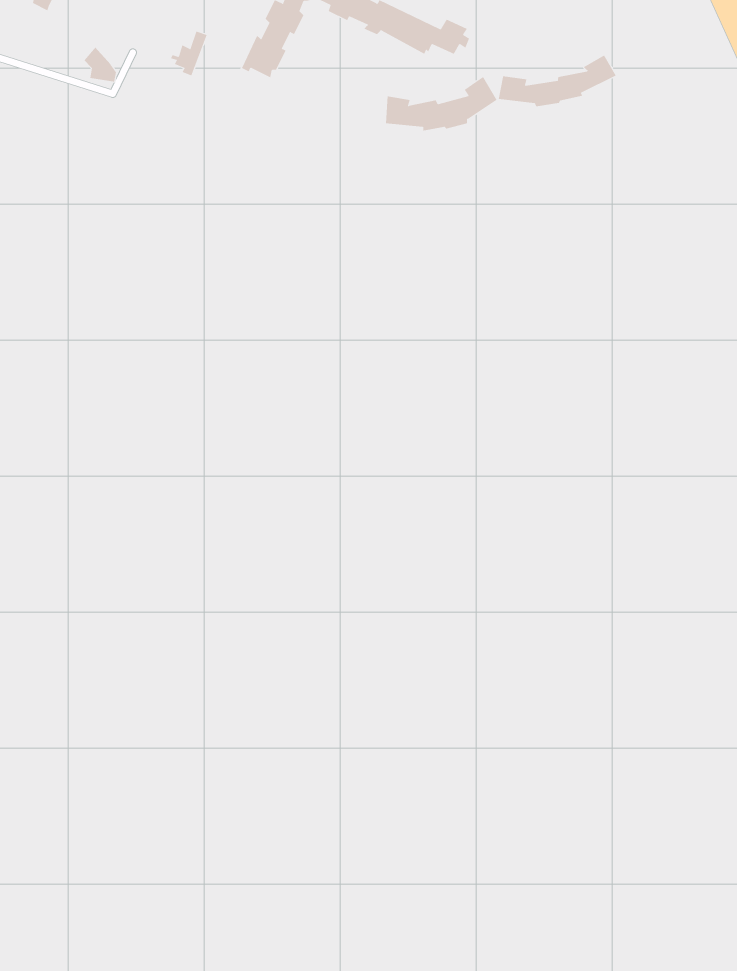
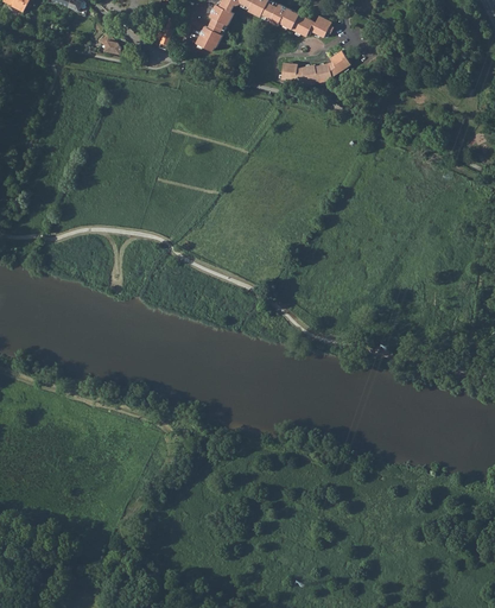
building: [498,55,617,107] -> none

